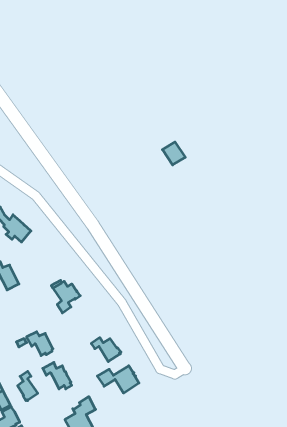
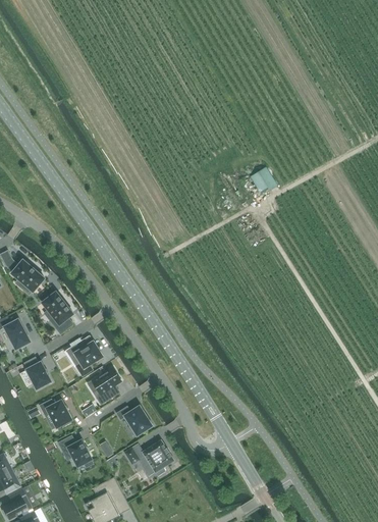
building: [162,142,185,165] -> [250,168,277,196]
building: none -> [42,293,72,334]
building: none -> [23,358,51,389]
building: none -> [92,368,121,405]
building: [18,371,38,401] -> none

